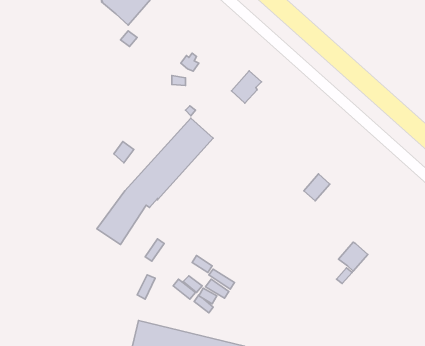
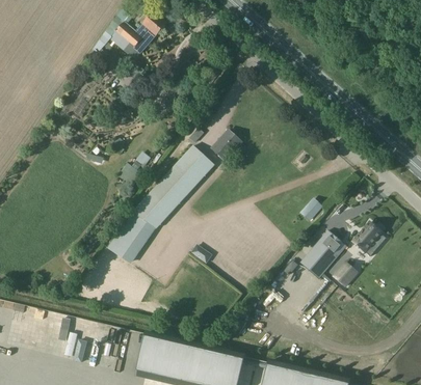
building: [231,71,262,103] -> [211,130,239,160]
building: none -> [351,222,380,256]
building: none -> [300,229,346,278]

